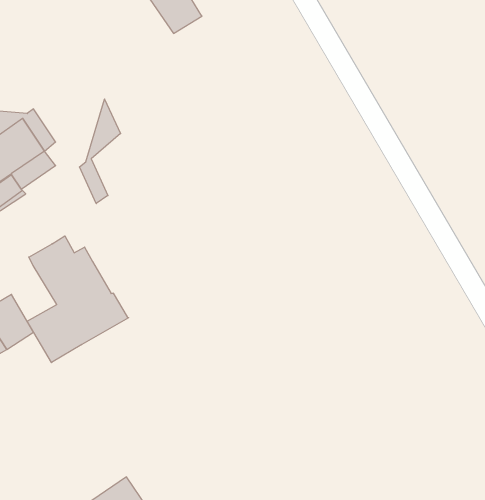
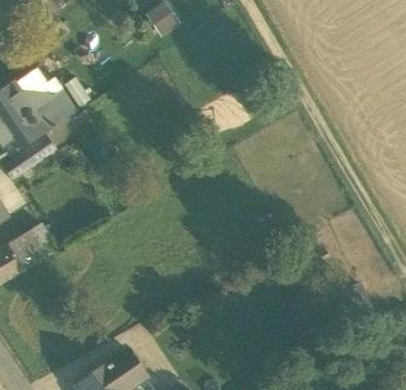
building: [80,99,121,204] -> none
building: [27,236,129,363] -> none

